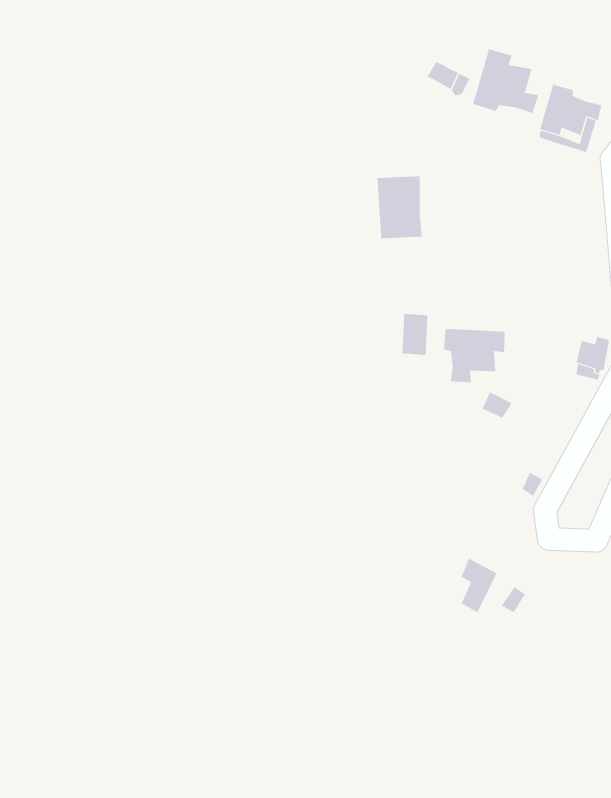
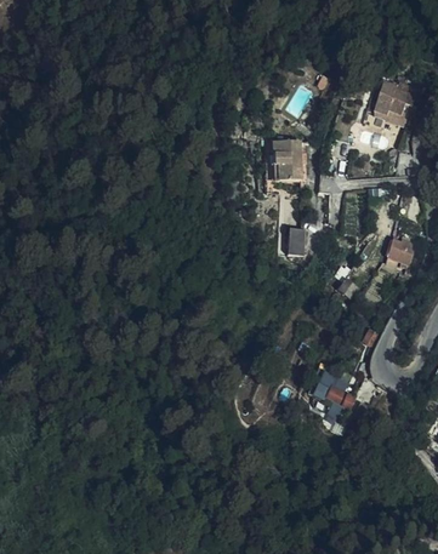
building: [472,48,539,114] -> none
building: [444,328,506,383] -> none

